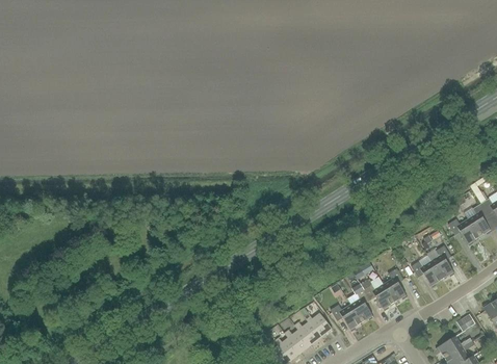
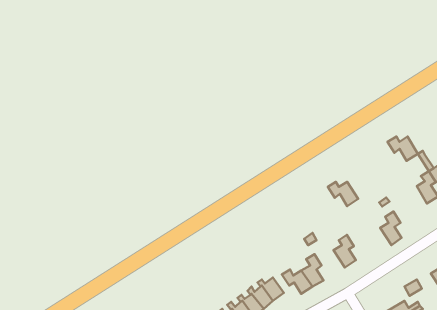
building: [448,219,479,244] -> [387,137,418,161]
building: [412,262,443,287] -> [328,182,358,206]
building: [361,279,395,309] -> none

